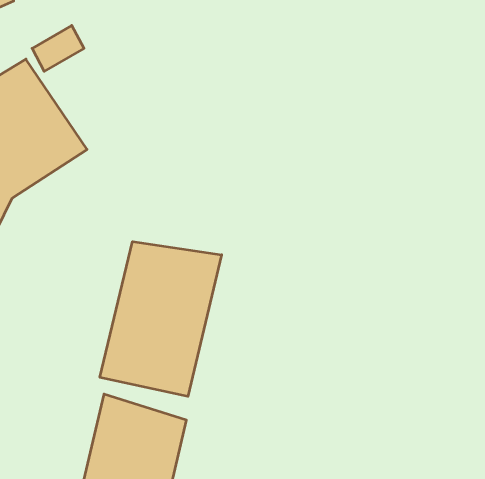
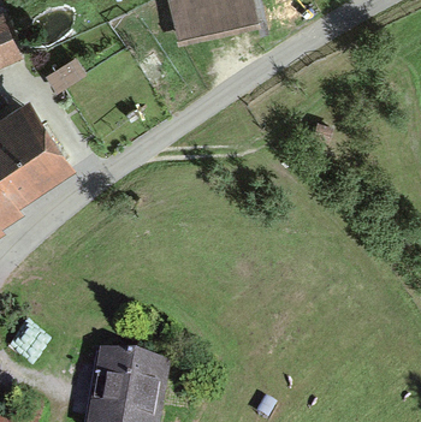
building: [100,242,222,396] -> none

